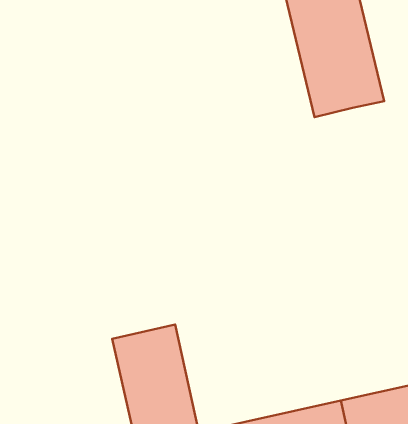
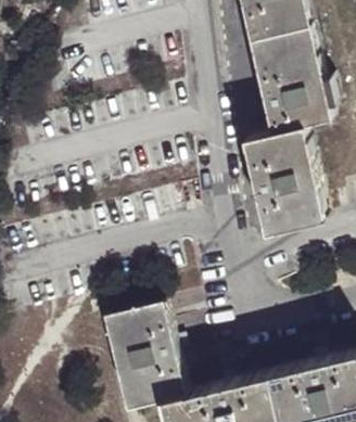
building: none -> [245,127,326,233]

